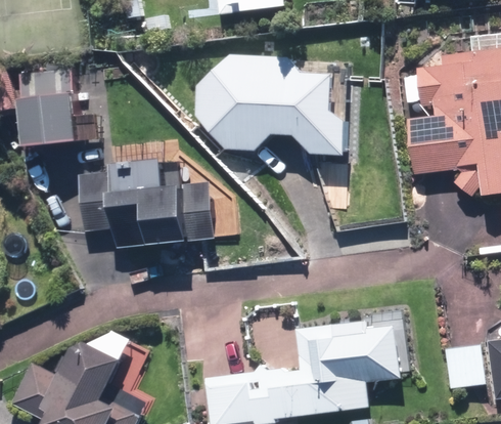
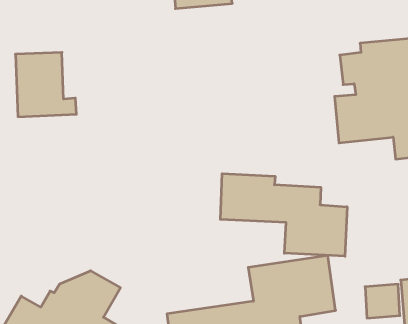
building: [195,60,343,154] -> none
building: [77,160,215,249] -> none
building: none -> [220,174,347,256]

